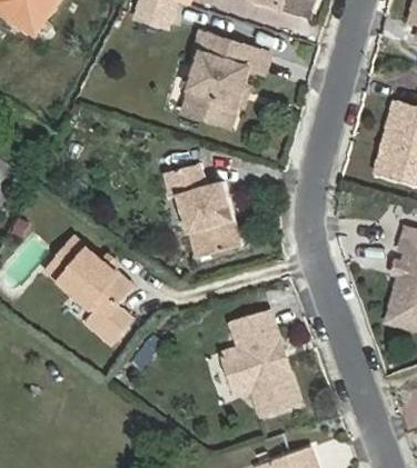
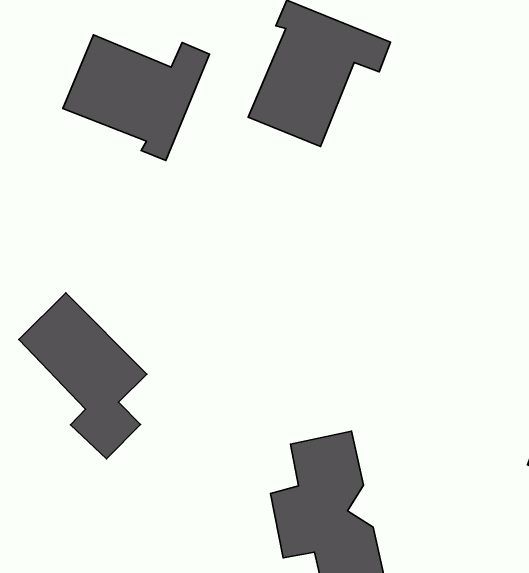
building: none -> [63,35,209,160]
building: [161,162,242,258] -> none

